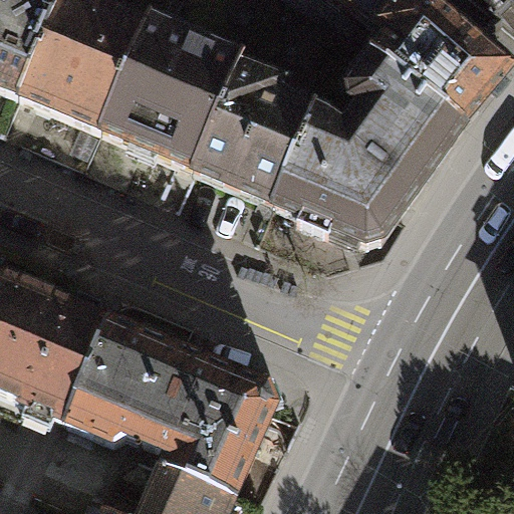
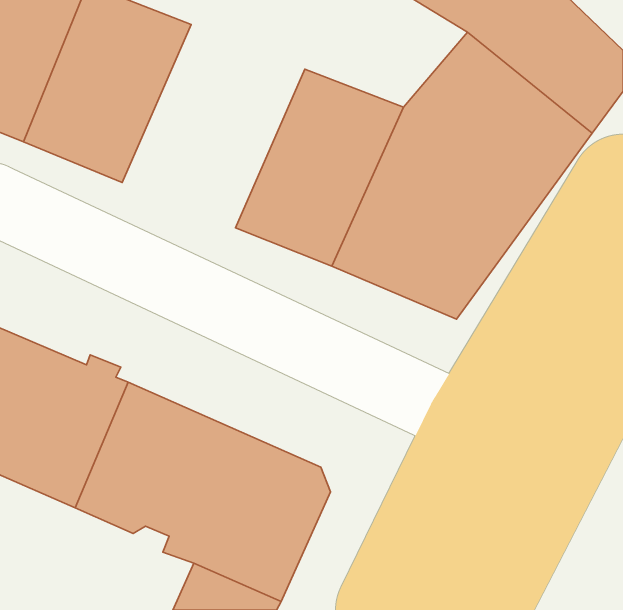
building: [99,20,248,186] -> none

